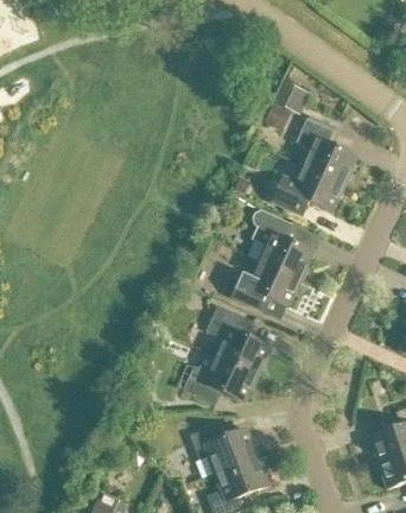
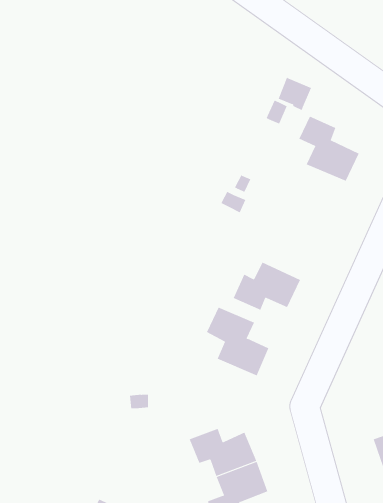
building: [275,166,342,214] -> none
building: [250,209,311,279] -> none
building: [183,356,255,404] -> none

